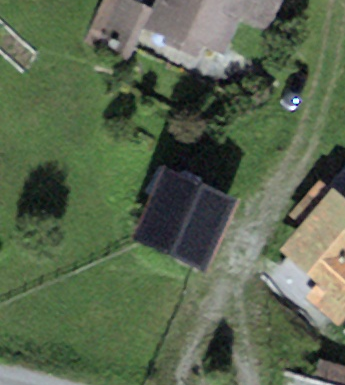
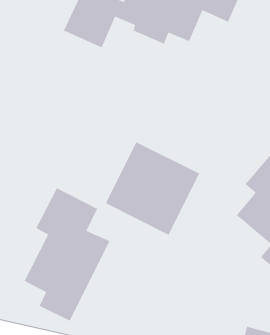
building: none -> [24,187,110,322]

